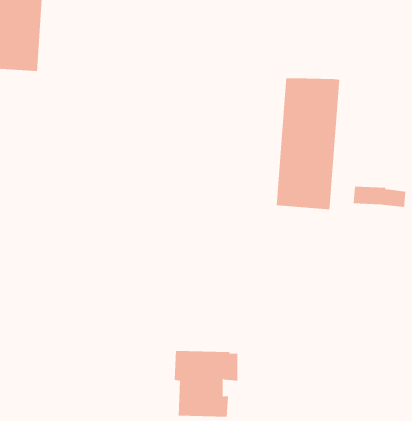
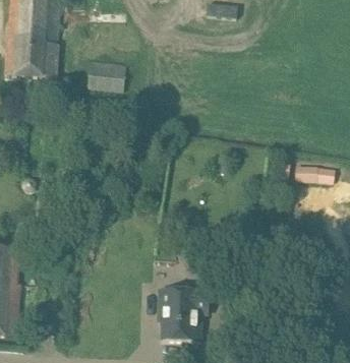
building: none -> [88,60,126,93]
building: [276,77,340,210] -> none

